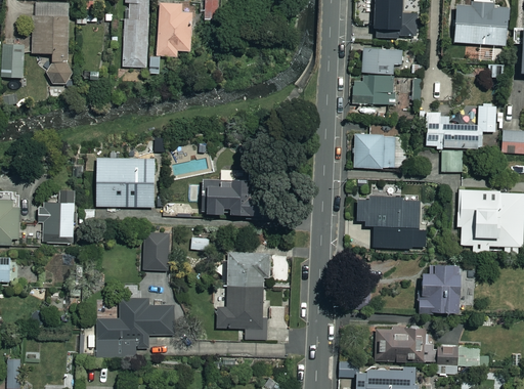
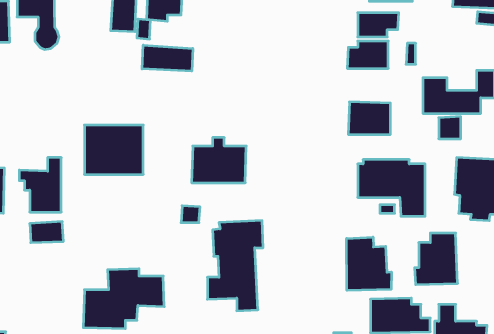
building: none -> [142,45,193,71]
building: [142,233,167,270] -> none
building: none -> [347,237,391,290]

